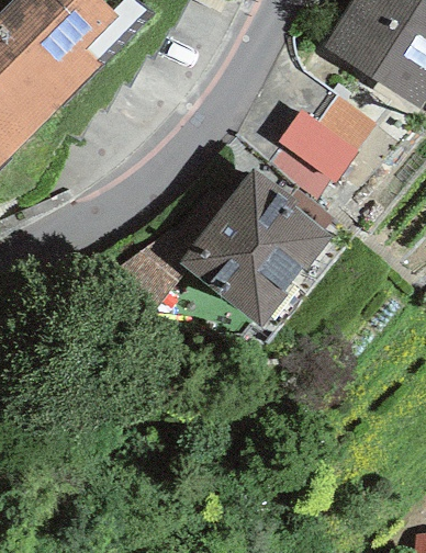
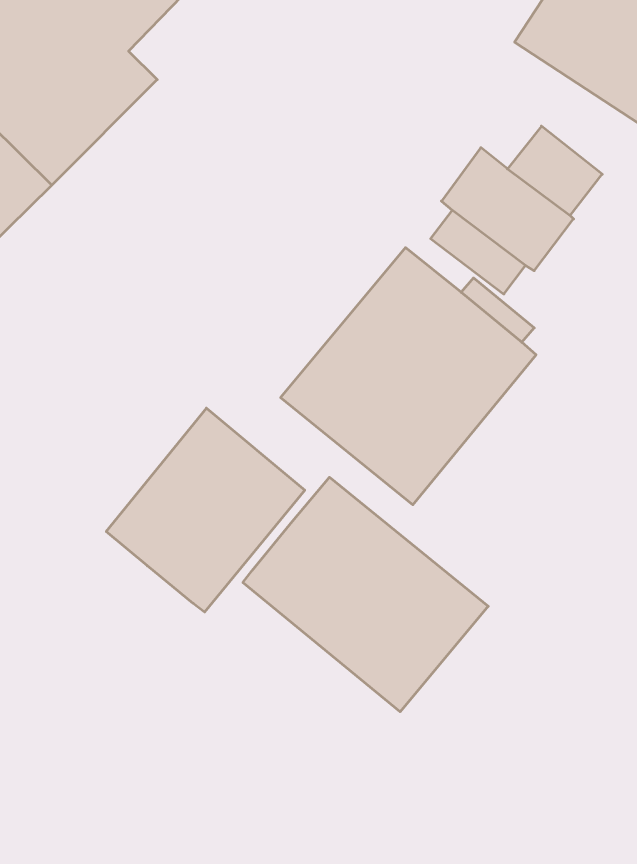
building: none -> [106,408,305,612]
building: none -> [243,477,488,712]

